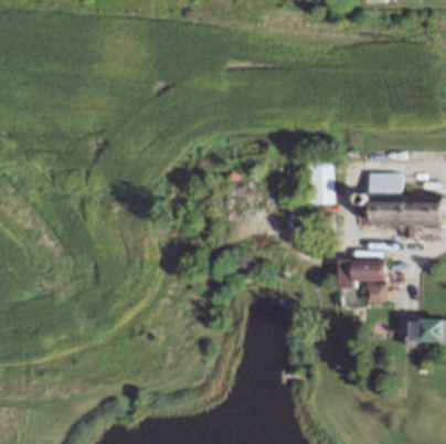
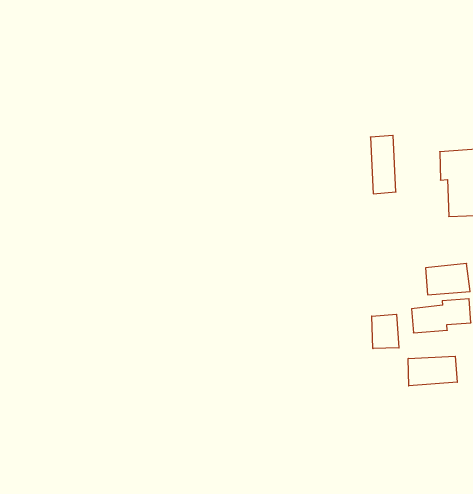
building: none -> [372,314,399,349]
building: none -> [408,356,457,386]

